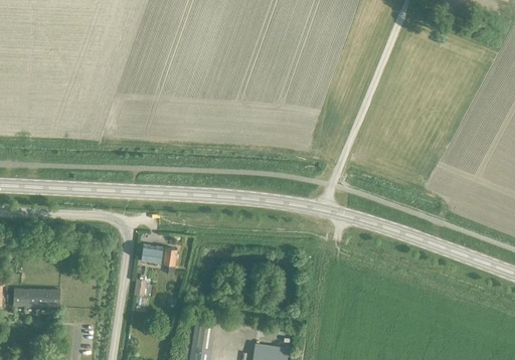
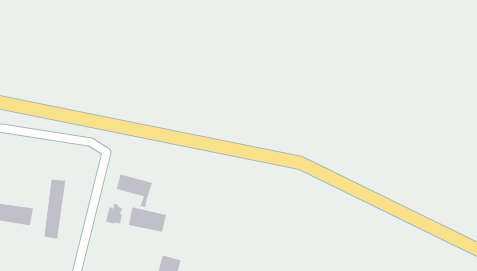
building: none -> [44,179,66,240]
building: none -> [128,207,167,232]

